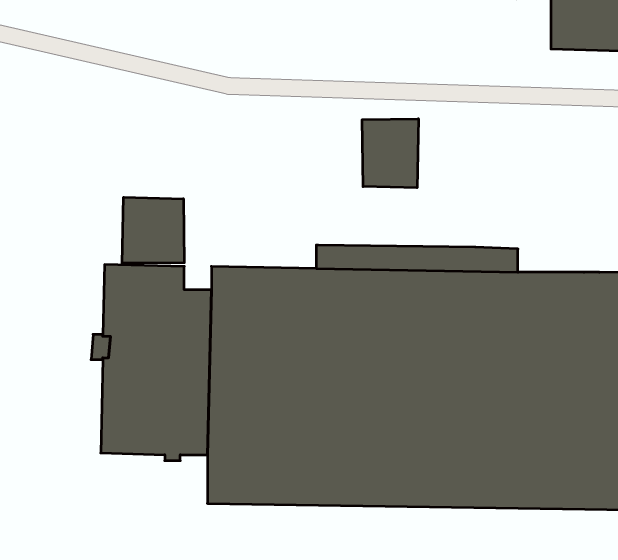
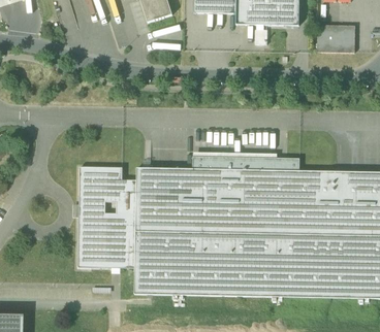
building: [362,119,418,188] -> none
building: [122,197,184,263] -> none

